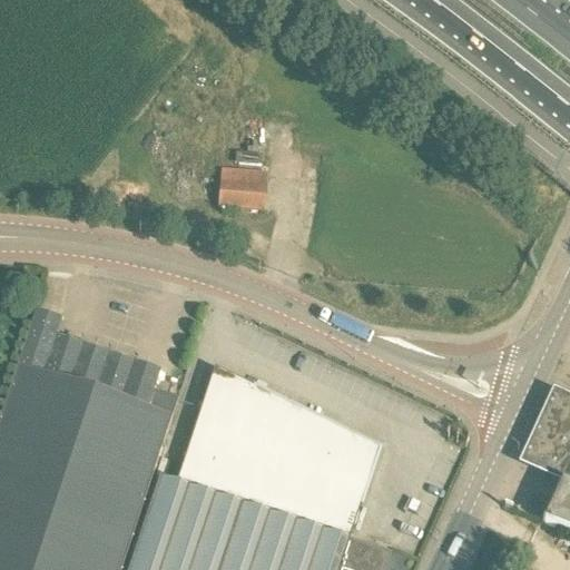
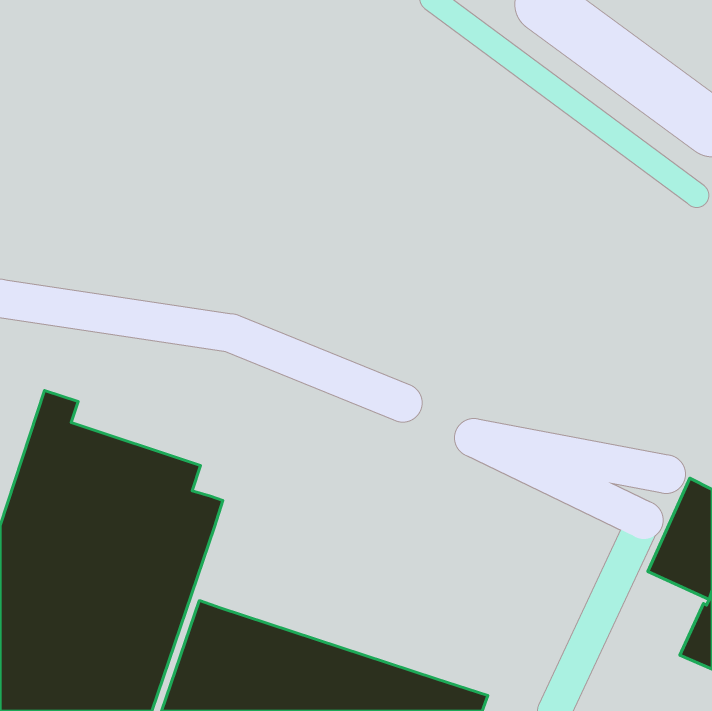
building: [216,170,267,214] -> none
building: [176,370,379,542] -> none

